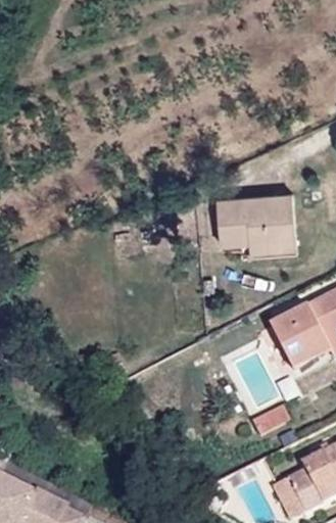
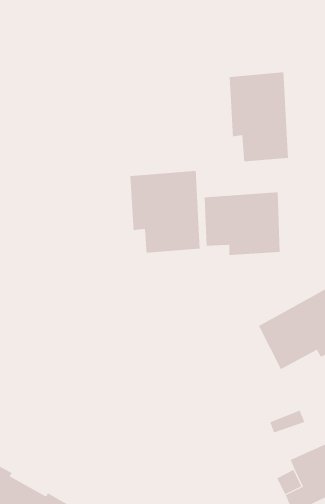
building: none -> [229,71,288,162]
building: none -> [130,170,200,253]

